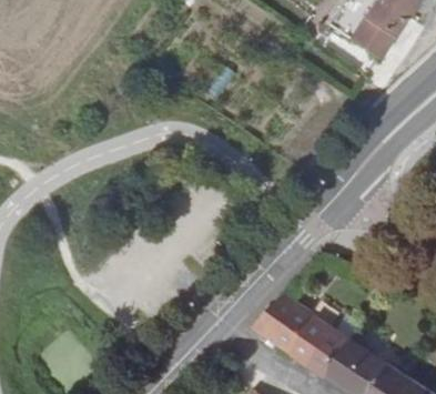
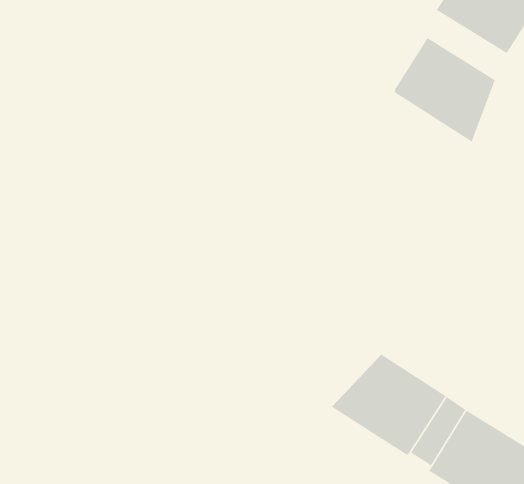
building: none -> [394,37,495,142]

